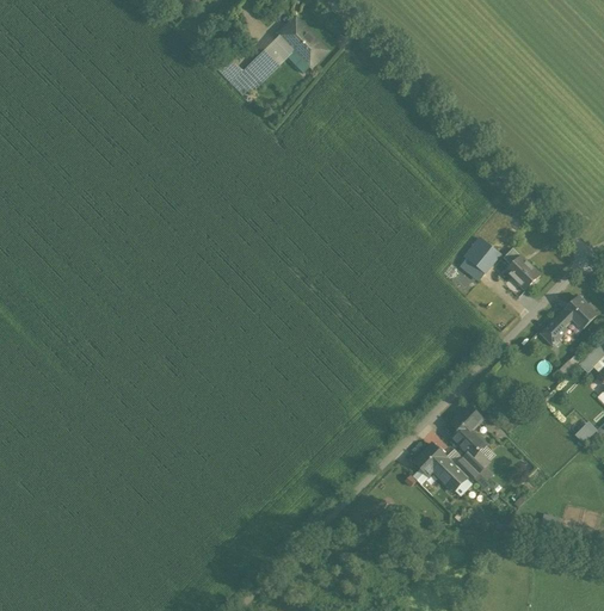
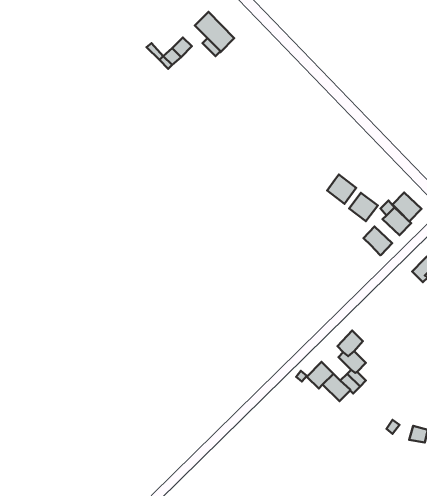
building: none -> [327,174,356,204]
building: none -> [393,192,421,221]
building: none -> [364,227,392,255]

